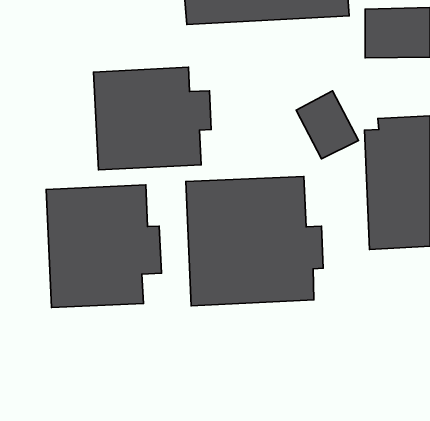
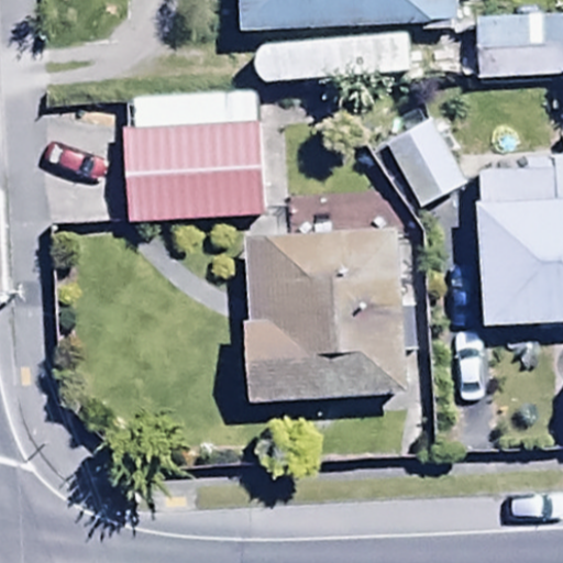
building: [46,185,161,307] -> none

